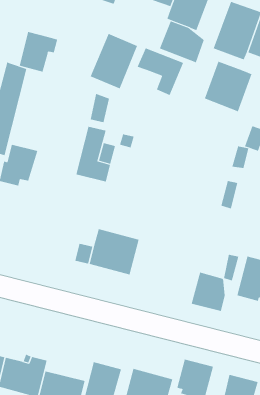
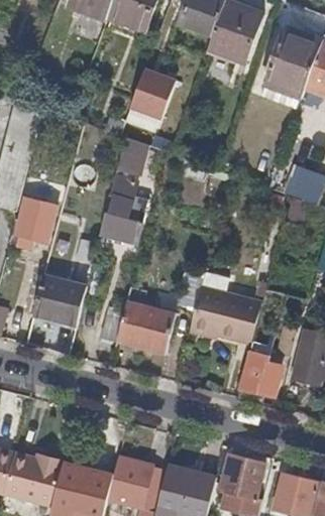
building: [159,21,205,63] -> none
building: [19,31,58,72] -> none
building: [137,47,184,96] -> none
building: [204,61,252,112] -> none
building: none -> [33,278,86,328]
building: none -> [190,287,260,344]

